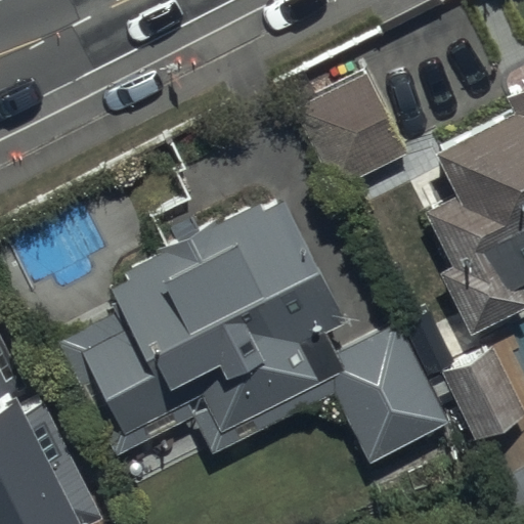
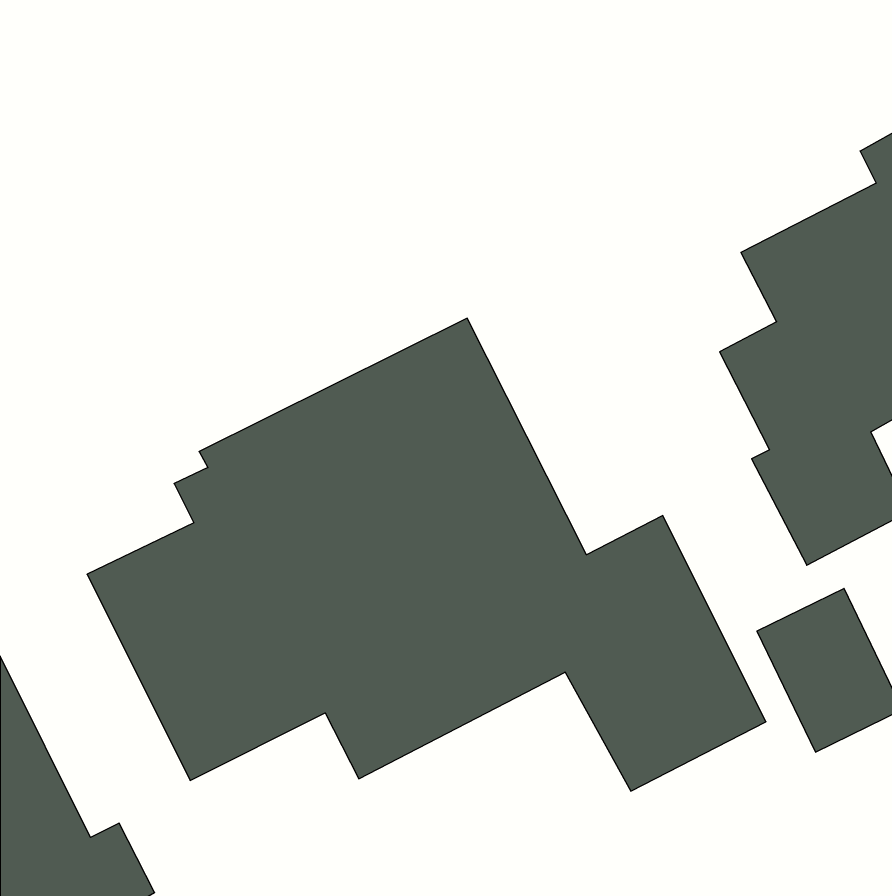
building: [295,71,409,191] -> none

